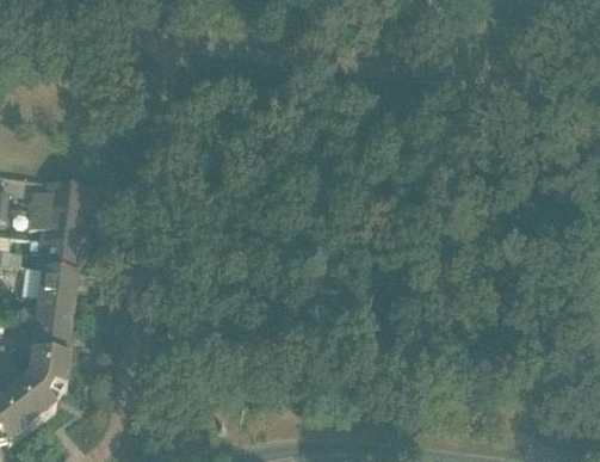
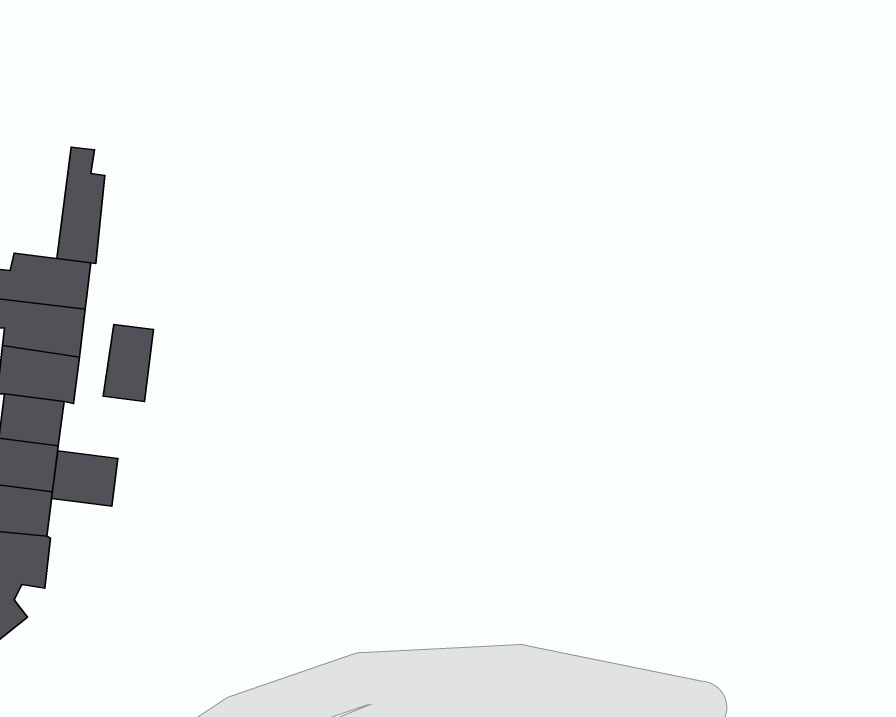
building: none -> [57,147,105,263]
building: none -> [103,324,154,401]
building: none -> [52,451,118,506]

